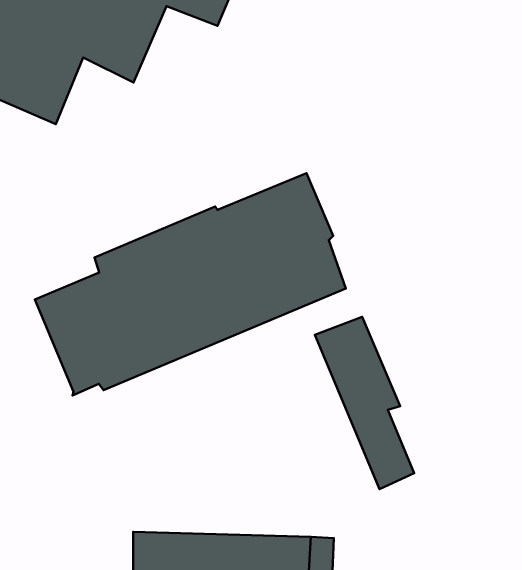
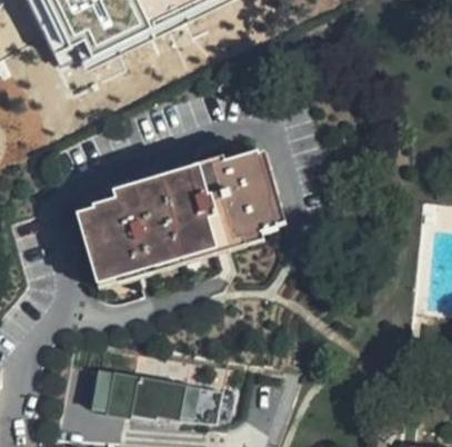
building: [315,317,414,489] -> none

